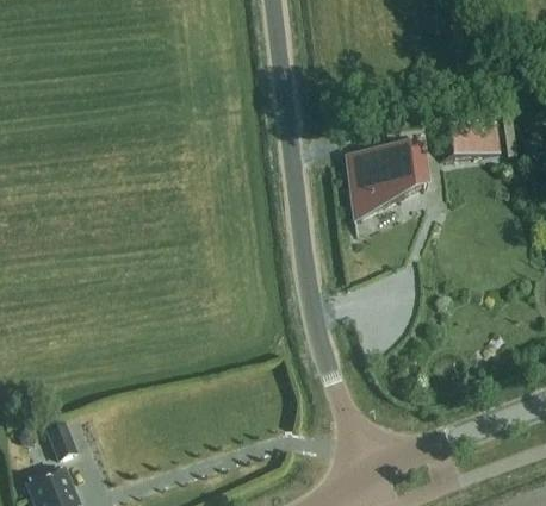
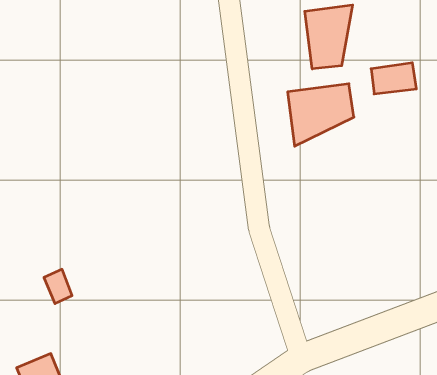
building: none -> [305,5,353,69]
building: [45,418,79,458] -> [44,269,72,304]

